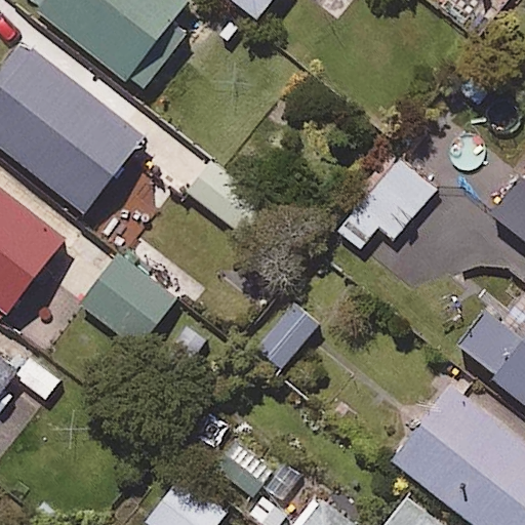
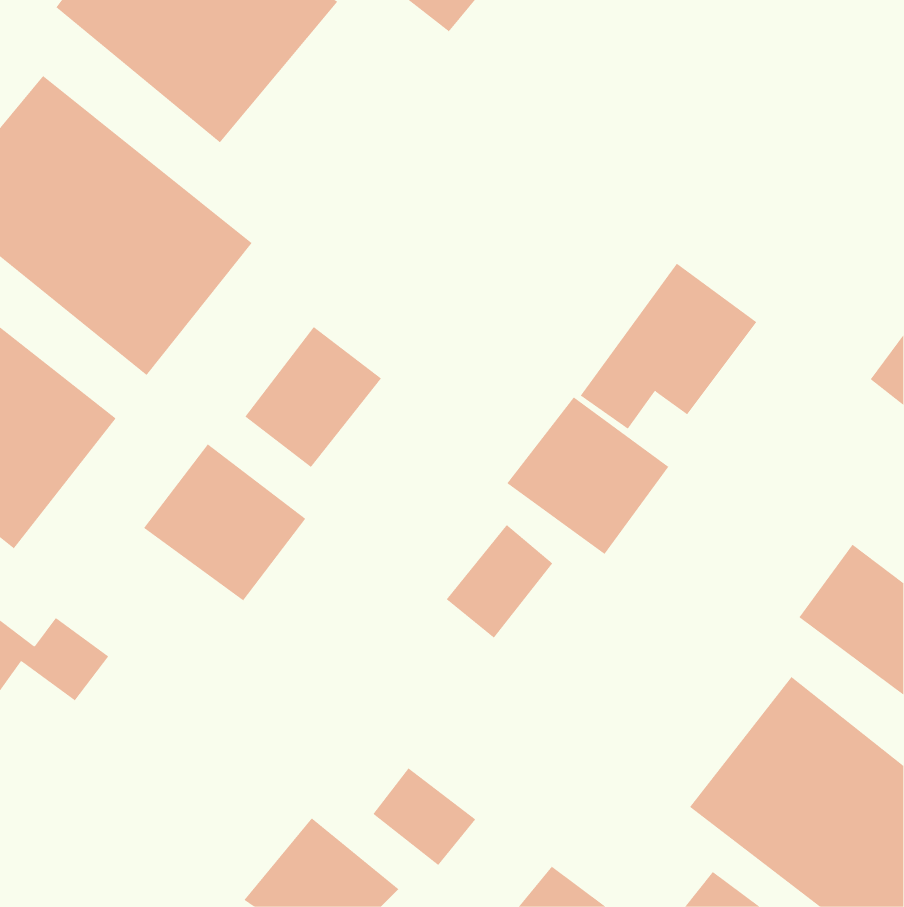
building: none -> [245,326,382,468]
building: none -> [507,397,669,555]

